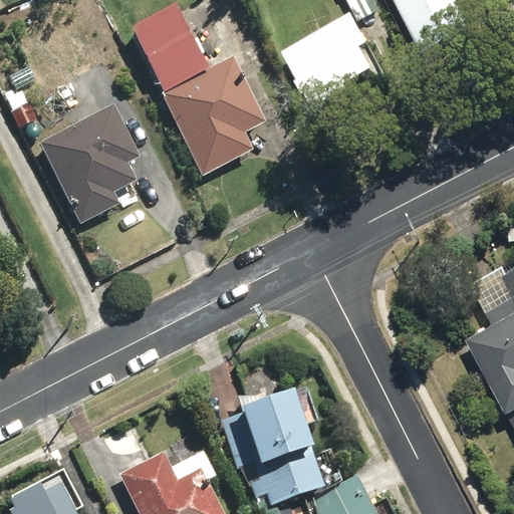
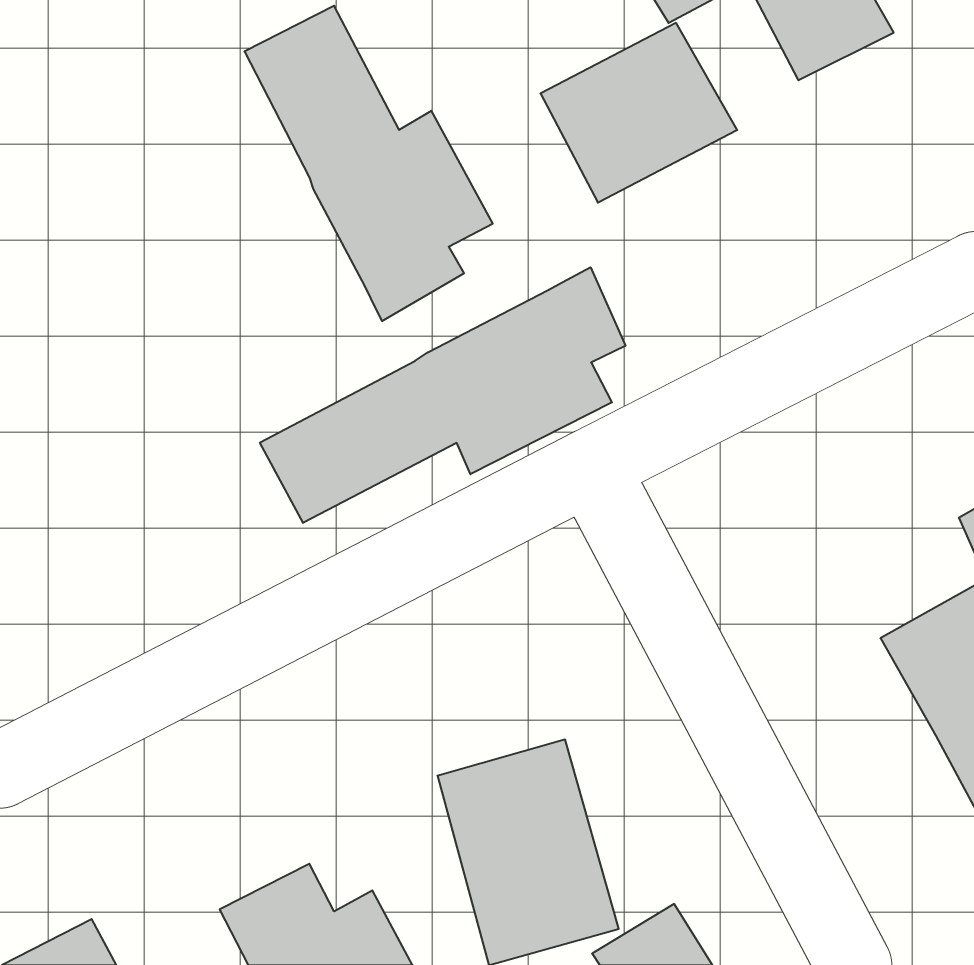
building: [32,105,151,224] -> none
building: none -> [260,267,625,523]

